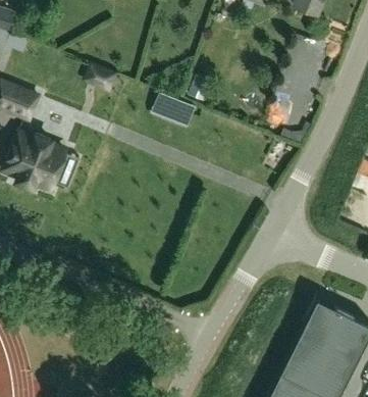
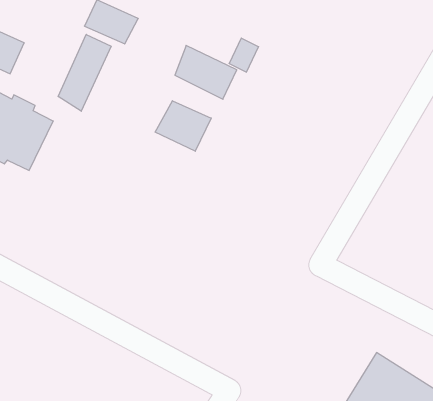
building: none -> [58,34,111,111]
building: none -> [155,101,211,151]

